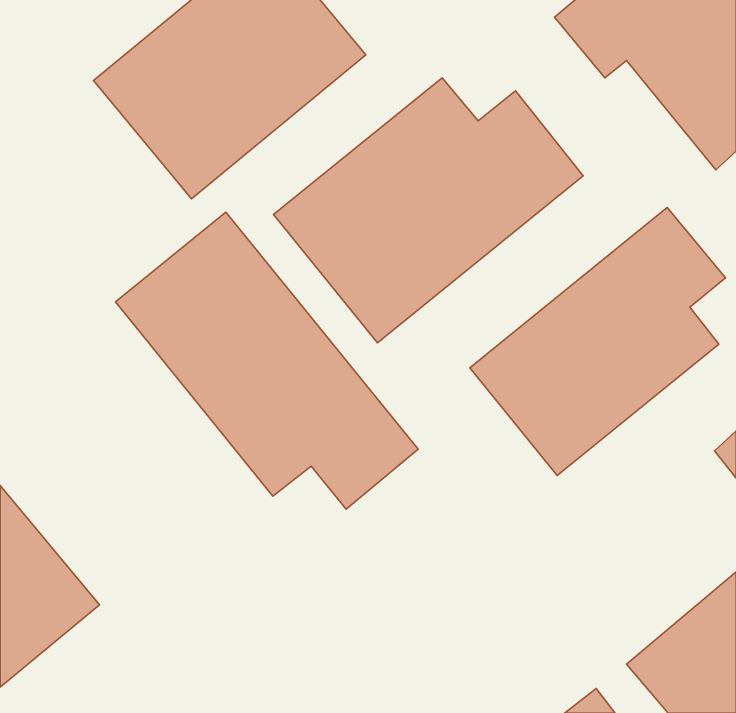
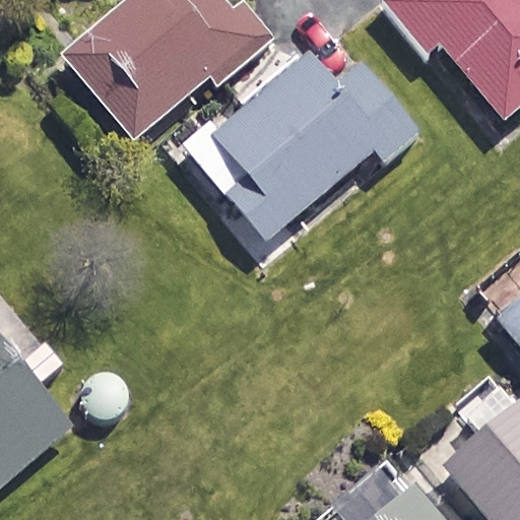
building: [470,207,726,475] -> none
building: [115,212,418,509] -> none

